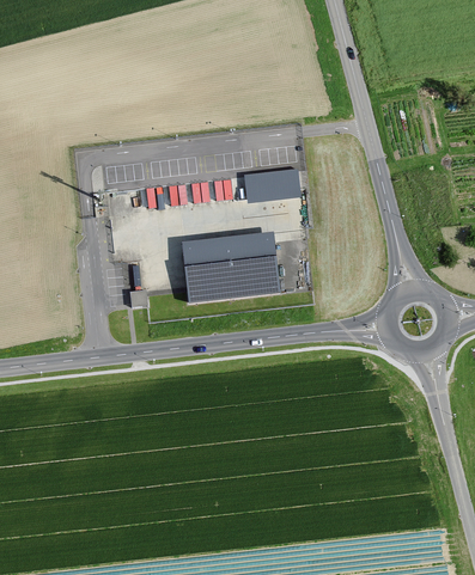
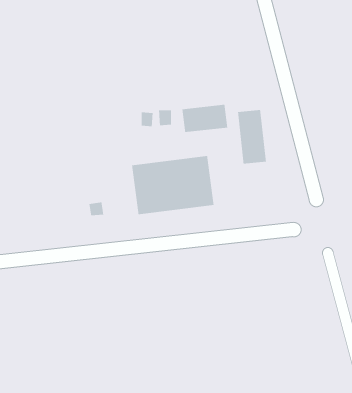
building: none -> [237,109,267,165]

